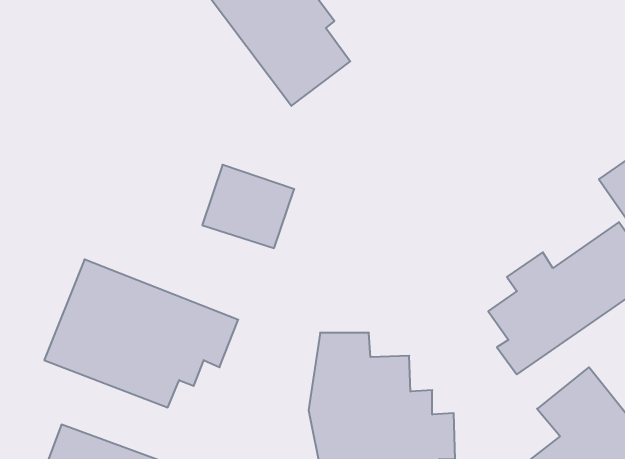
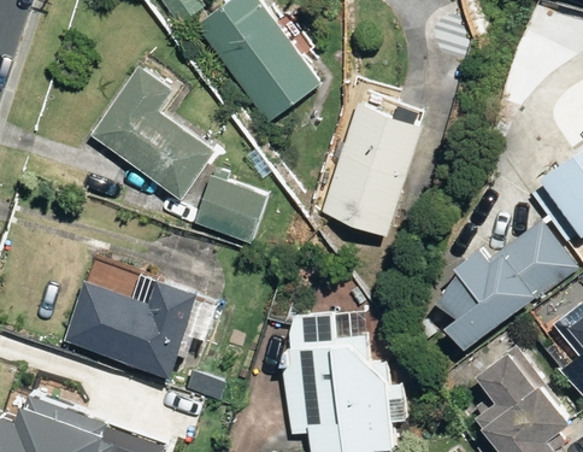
building: none -> [89,65,219,202]
building: none -> [319,74,429,237]

